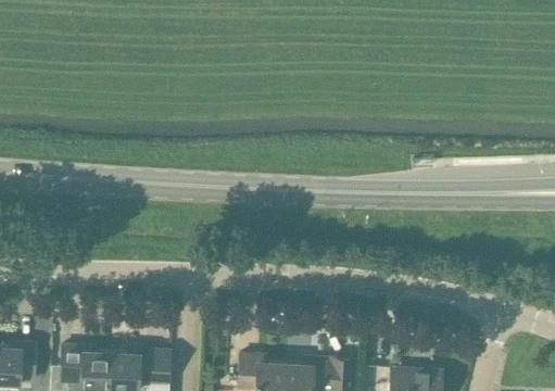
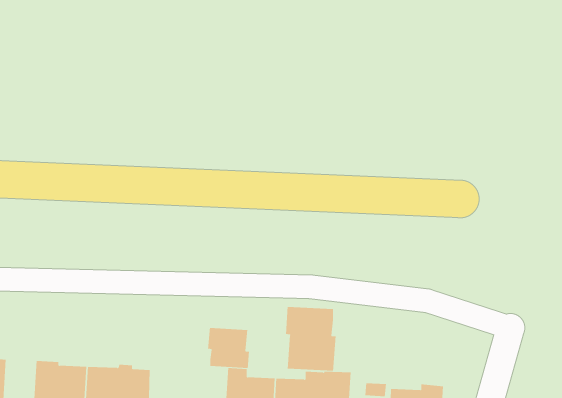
building: none -> [285,306,336,371]
building: none -> [208,327,249,369]

